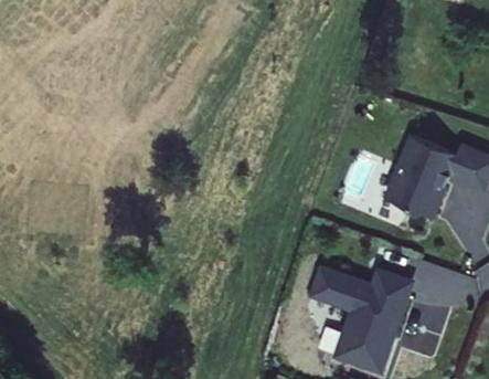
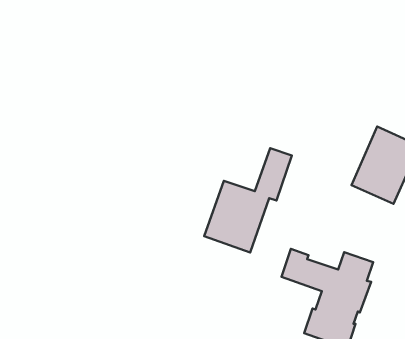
building: none -> [204,148,292,253]

